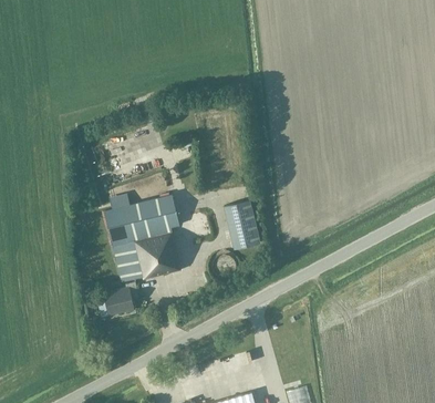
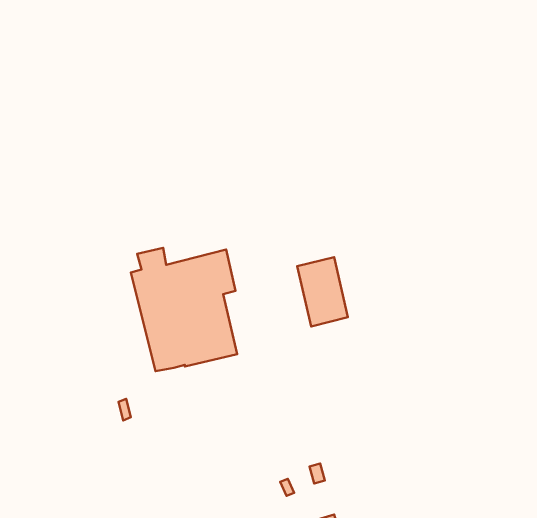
building: [104,281,139,316] -> none

